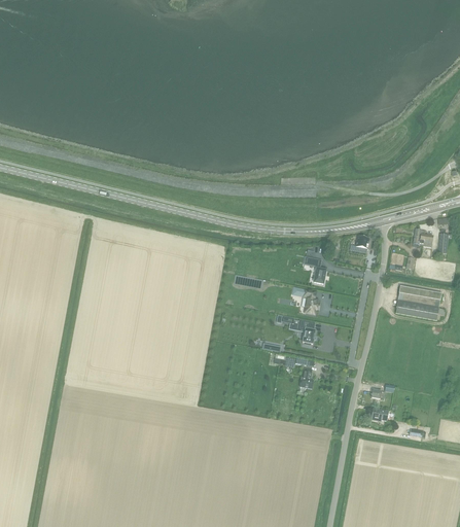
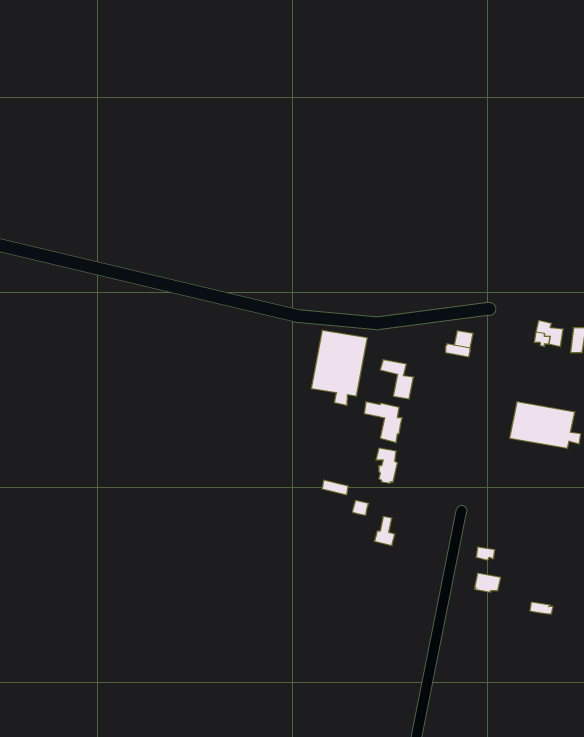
building: none -> [311,330,367,405]

